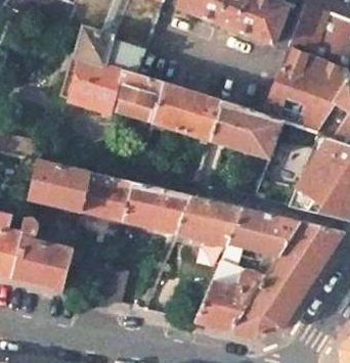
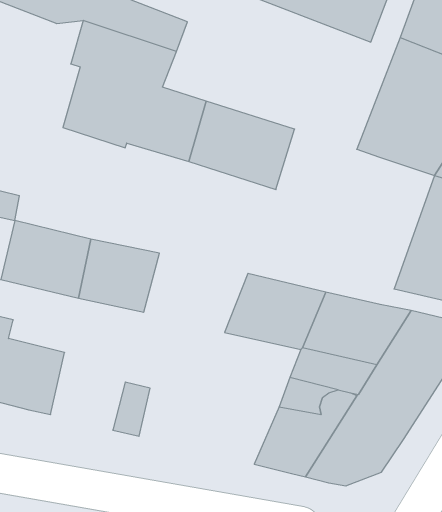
building: [211,101,278,158] -> none
building: [124,183,192,235] -> none

